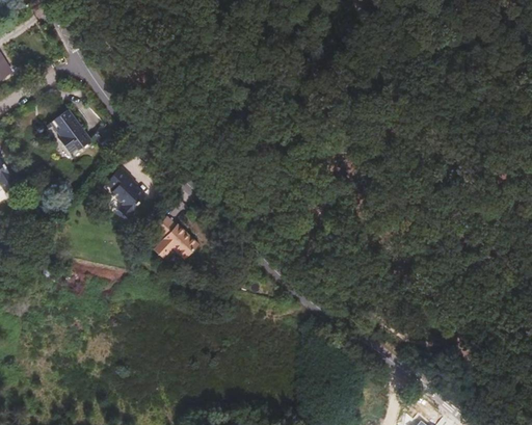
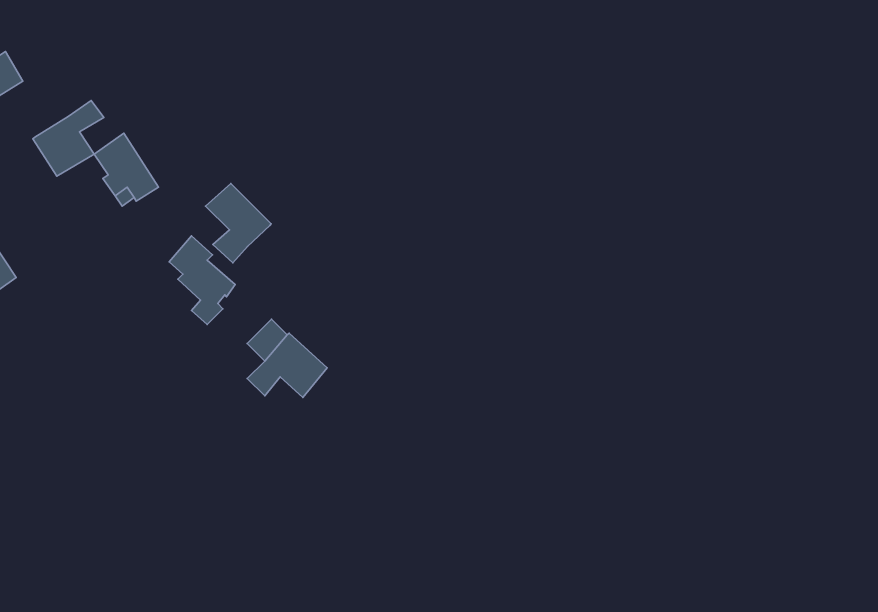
building: none -> [33,101,104,176]
building: none -> [205,184,271,263]

